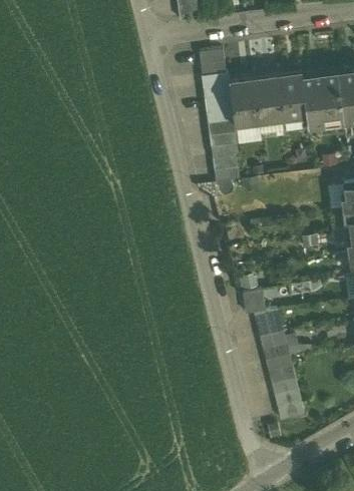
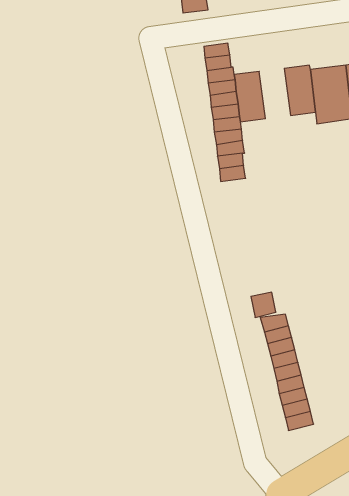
building: [252,74,282,122] -> none

